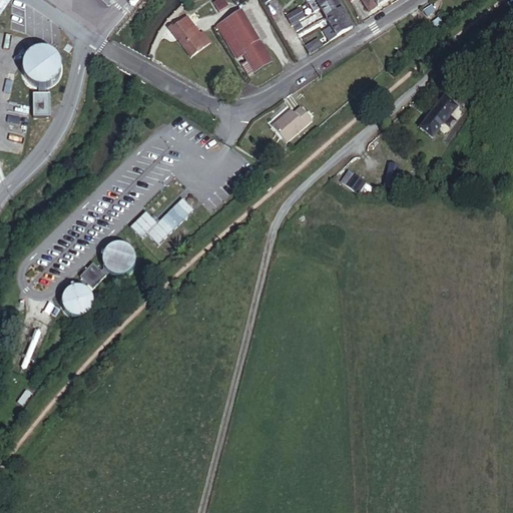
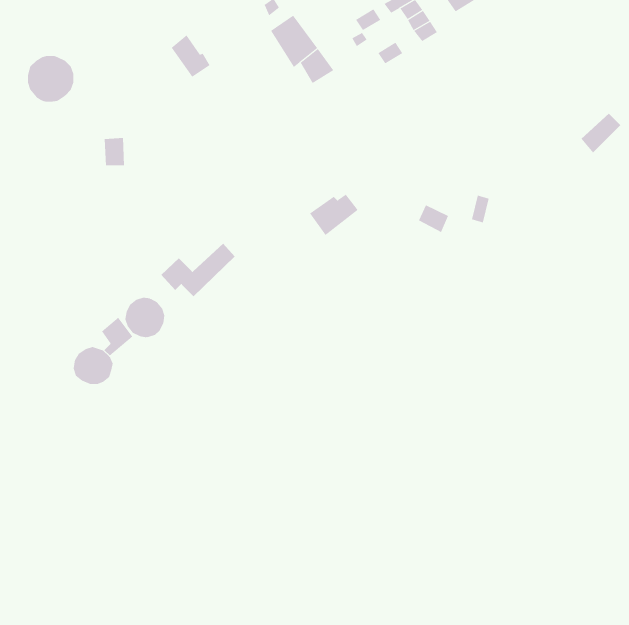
building: [172,21,204,56] -> [171,34,210,78]
building: [32,89,49,112] -> [104,138,125,166]
building: [272,102,312,136] -> [309,194,359,236]
building: [424,104,457,137] -> [580,113,621,154]

